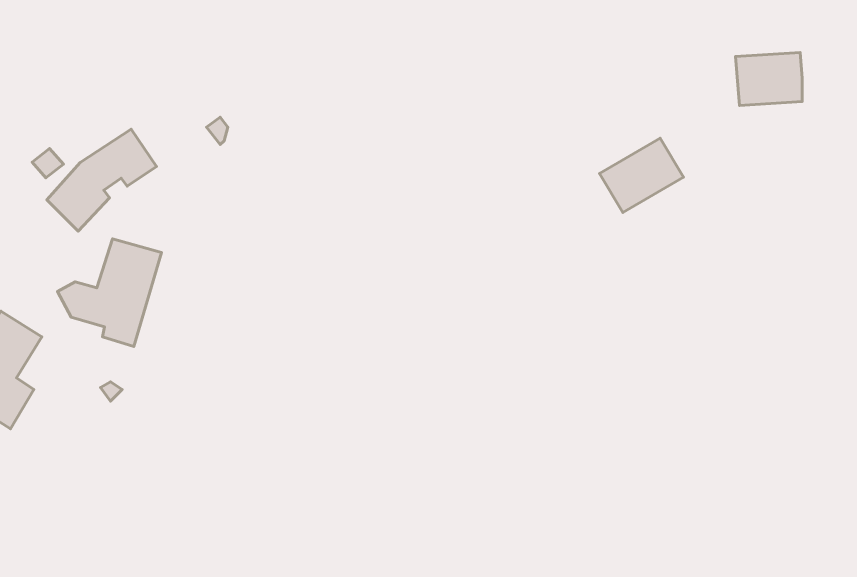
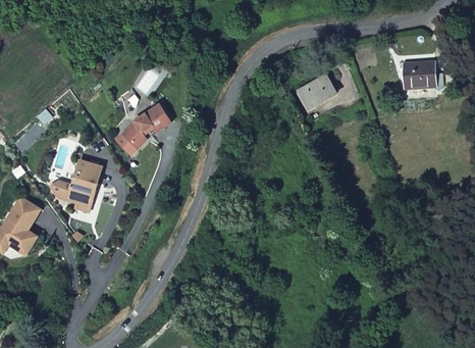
building: [47,129,157,231] -> [114,103,171,156]
building: [599,138,684,213] -> [294,72,337,111]

